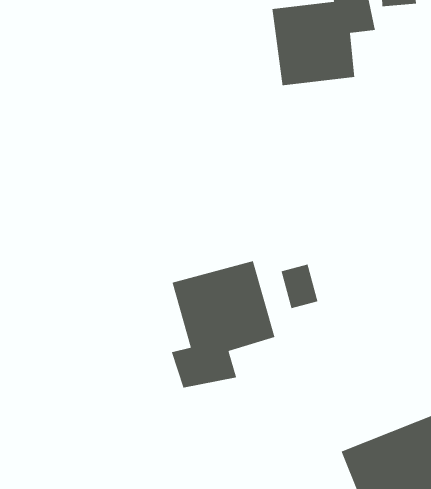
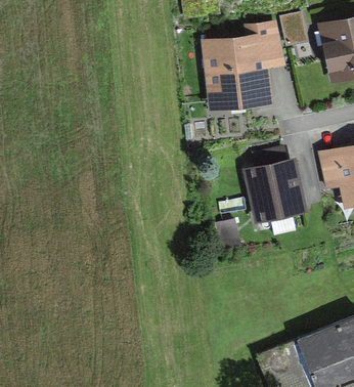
building: none -> [249,161,301,216]
building: [171,260,275,388] -> none

